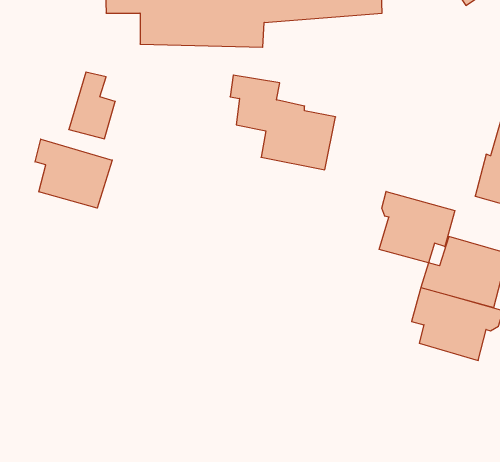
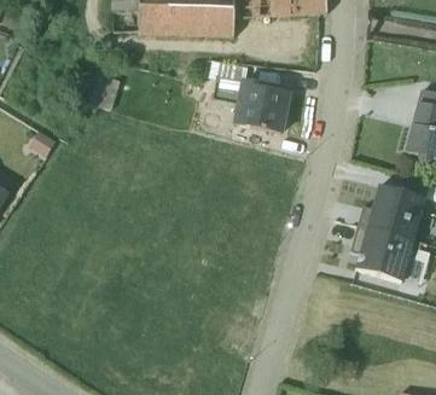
building: [35,139,112,208] -> none
building: [379,191,455,263] -> none

